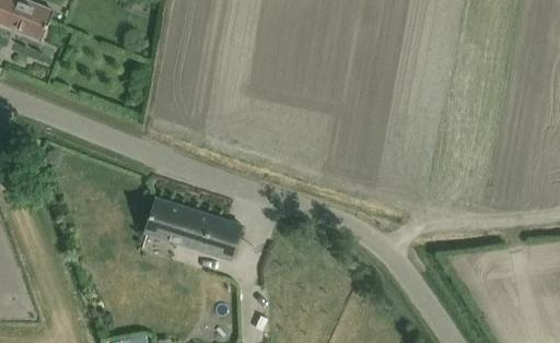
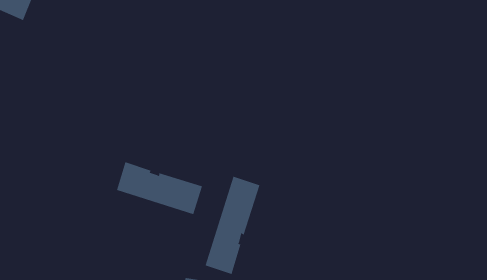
building: none -> [205,176,260,275]

